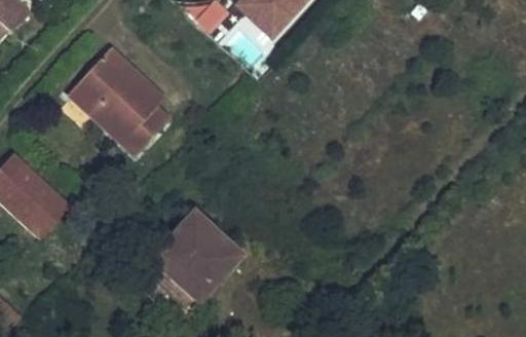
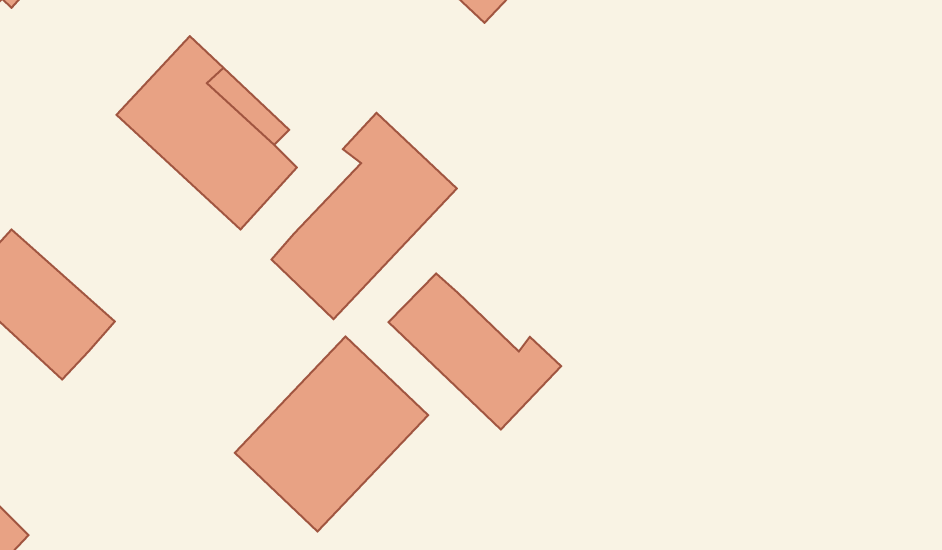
building: none -> [271,113,457,319]
building: none -> [389,273,561,429]

